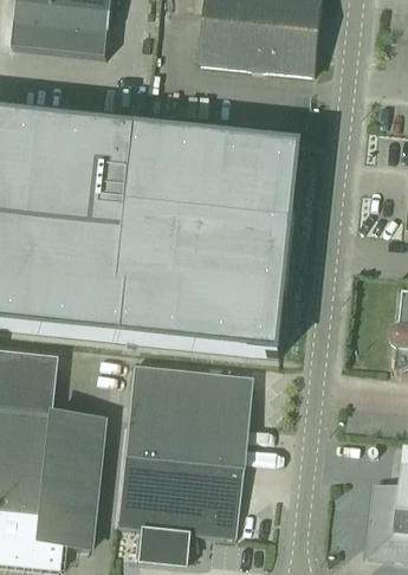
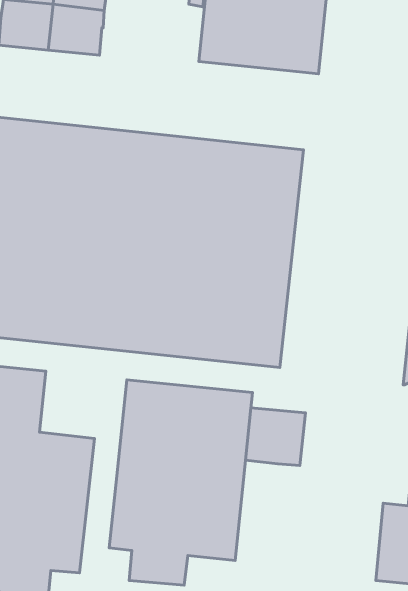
building: none -> [246,408,305,466]

